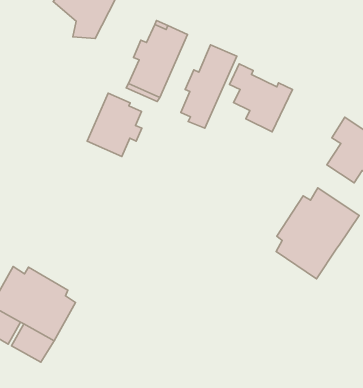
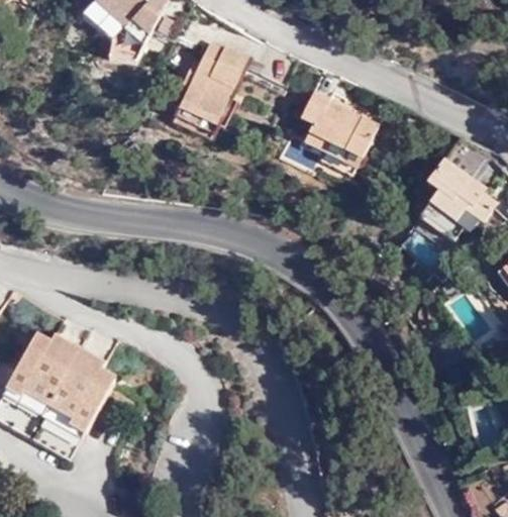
building: [181,45,237,128] -> none
building: [87,93,142,156] -> none
building: [276,188,359,279] -> none

